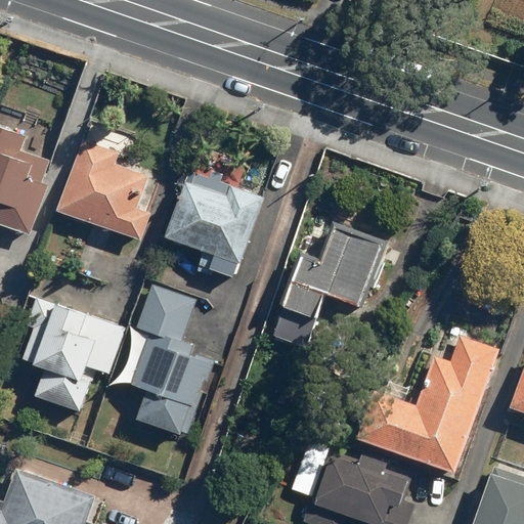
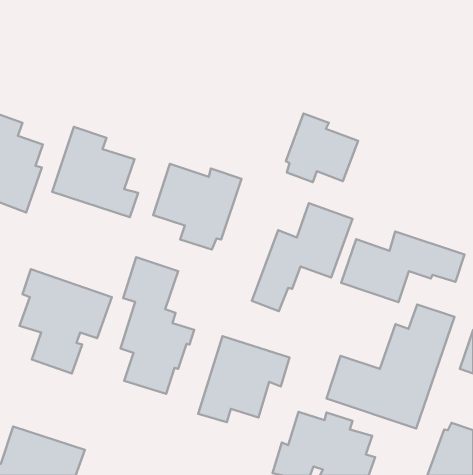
building: none -> [286,113,358,182]
building: none -> [341,232,464,302]
building: none -> [198,336,289,422]

